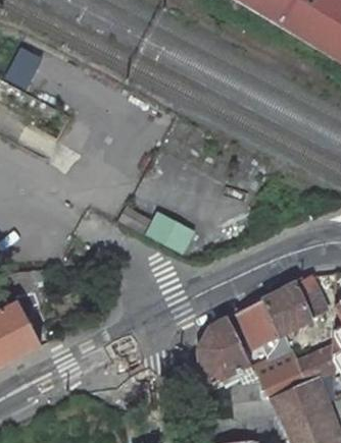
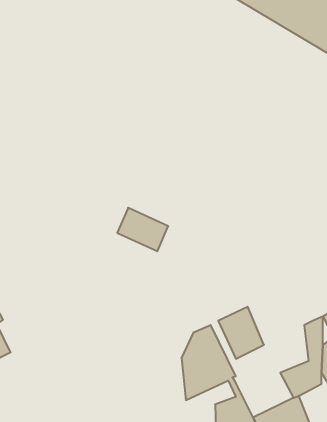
building: [265,277,327,336] -> none
building: [254,354,308,404] -> none

